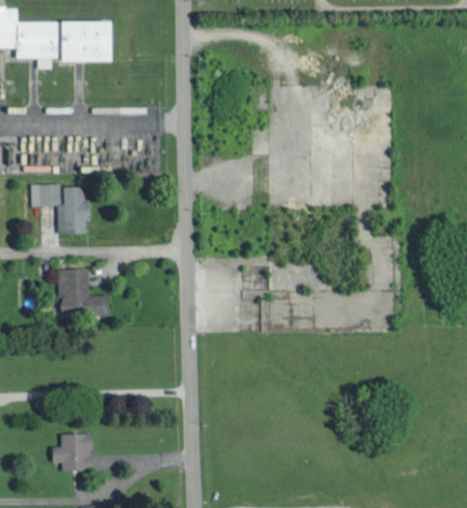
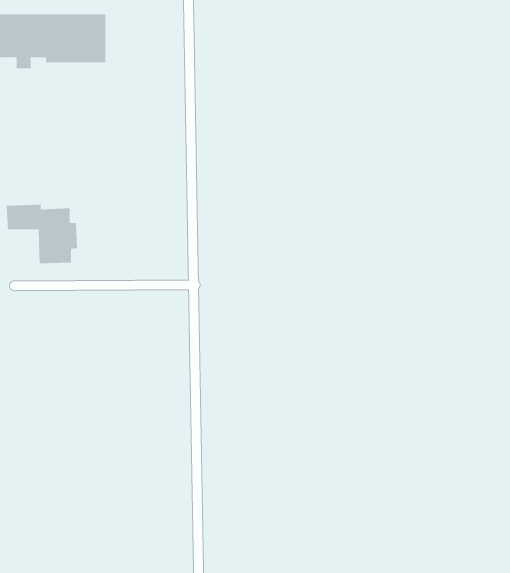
building: [56,269,108,317] -> none
building: [51,432,93,471] -> none

